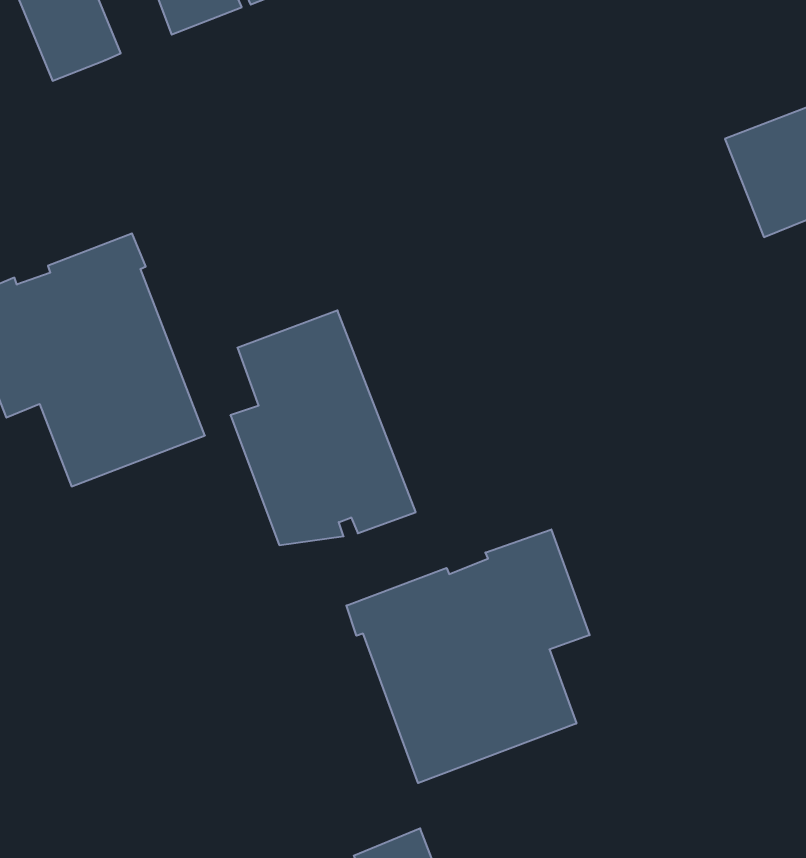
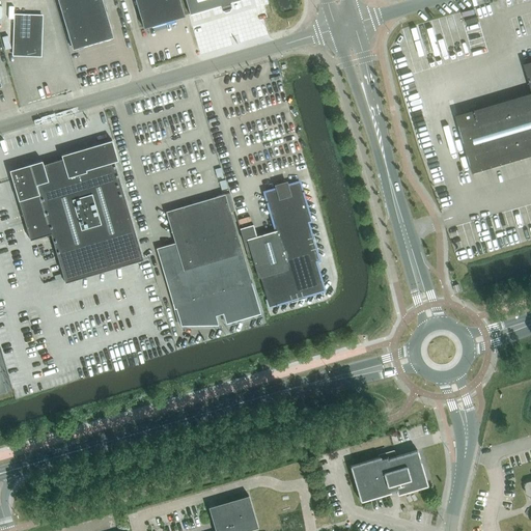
building: none -> [240,181,324,306]
building: [346,529,590,783] -> none
building: none -> [350,449,427,501]

